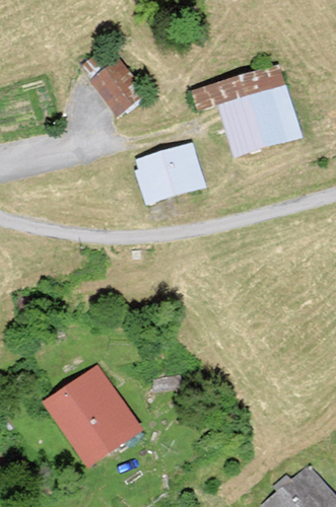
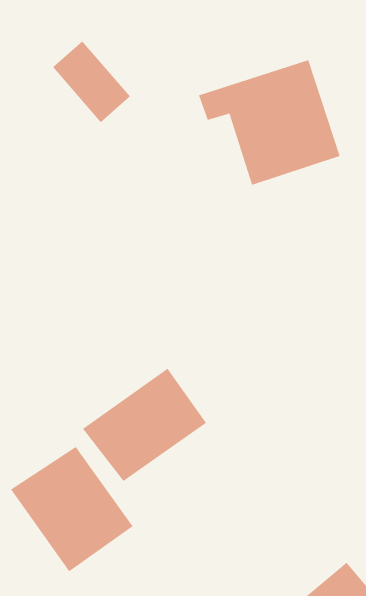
building: [135,140,209,207] -> none
building: none -> [82,368,207,482]

